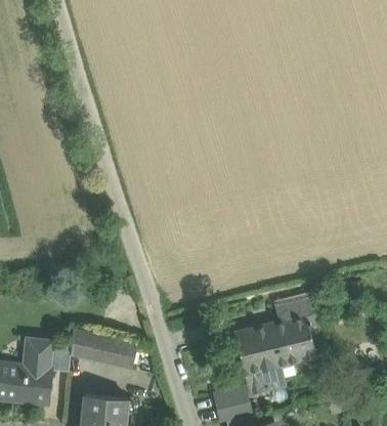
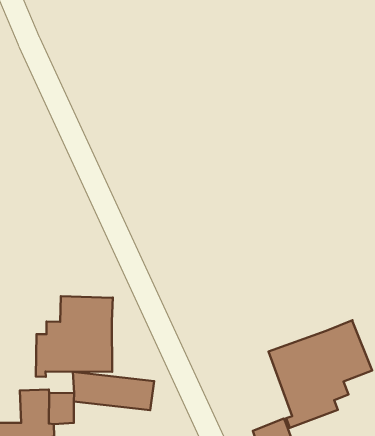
building: none -> [36,296,113,377]
building: [277,292,317,321] -> none

